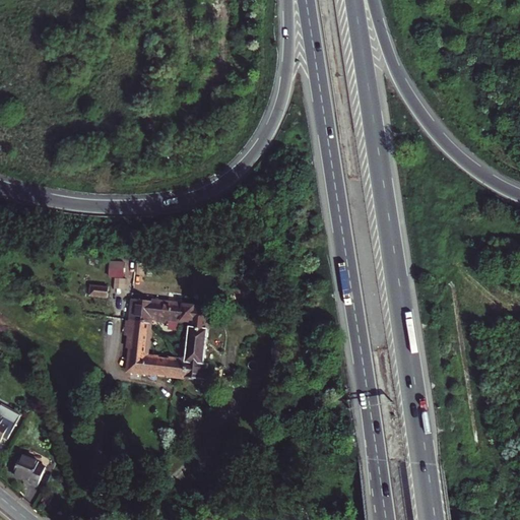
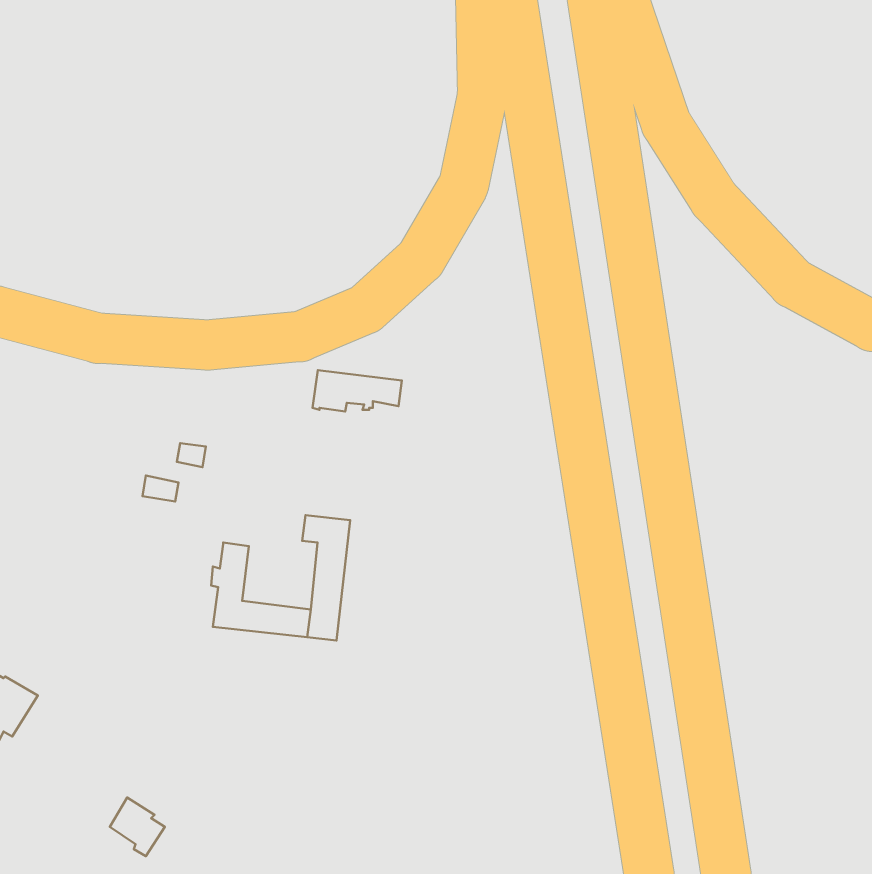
building: [128,299,181,323] -> [313,370,402,411]
building: [10,450,43,484] -> [110,798,165,856]

